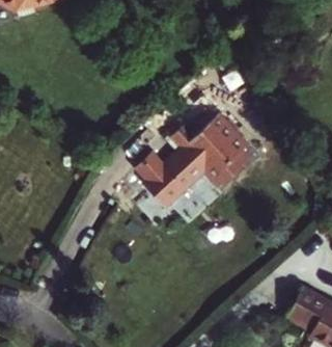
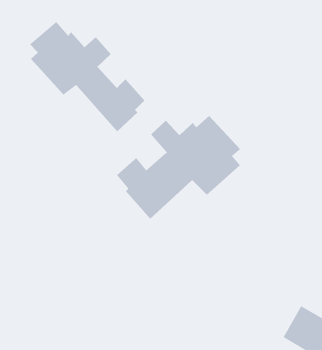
building: none -> [29,21,145,132]

